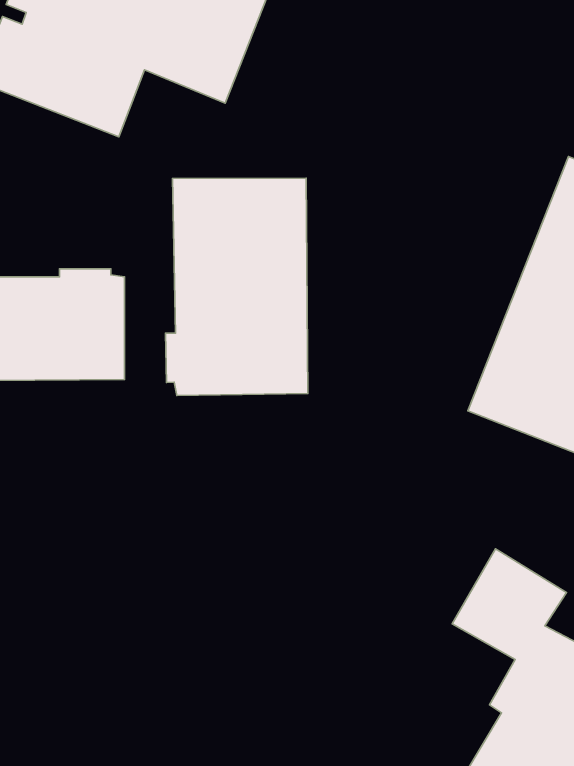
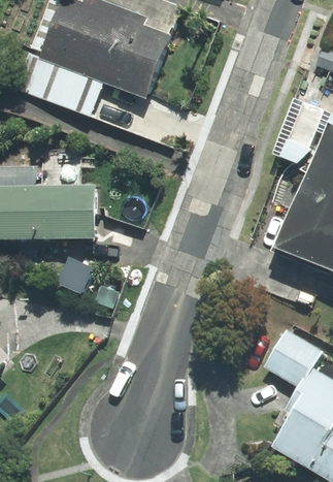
building: [165,178,308,395] -> none

